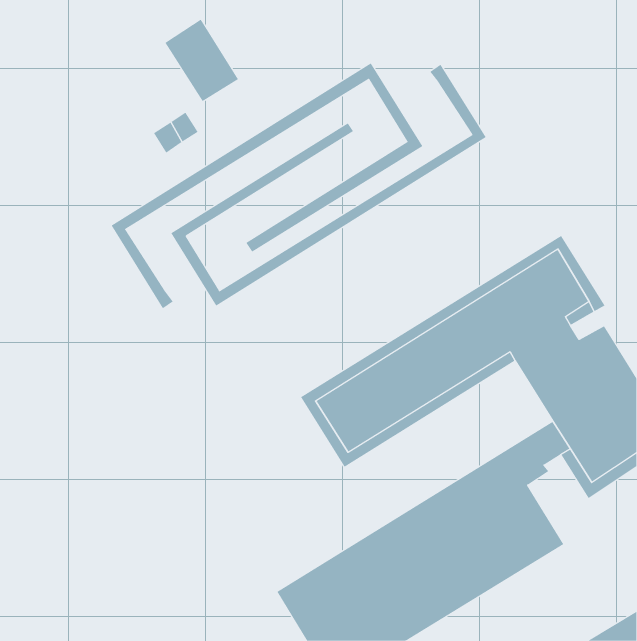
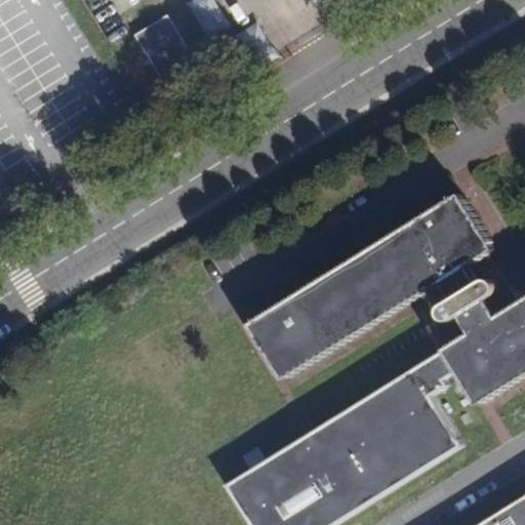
building: [111,62,423,309] -> none
building: [170,64,486,306] -> none

